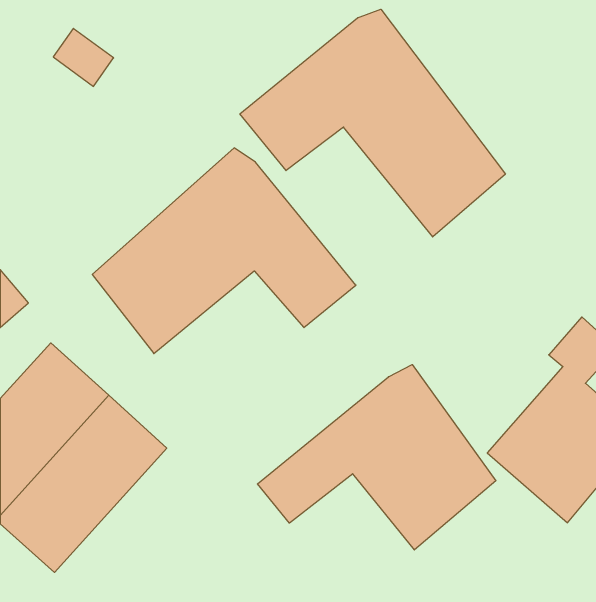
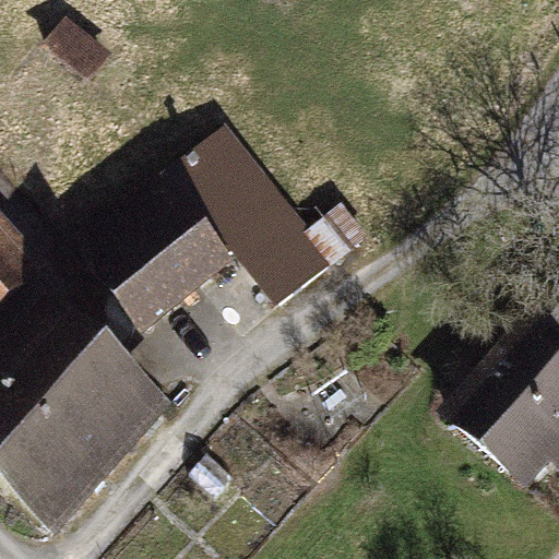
building: [240,9,505,237] -> none
building: [257,365,496,550] -> none

